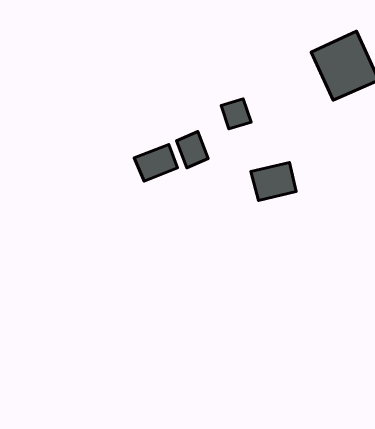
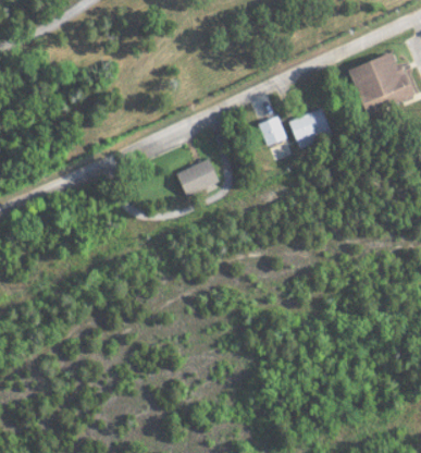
building: [176,132,208,168] -> none
building: [251,163,296,200] -> [289,110,334,147]

